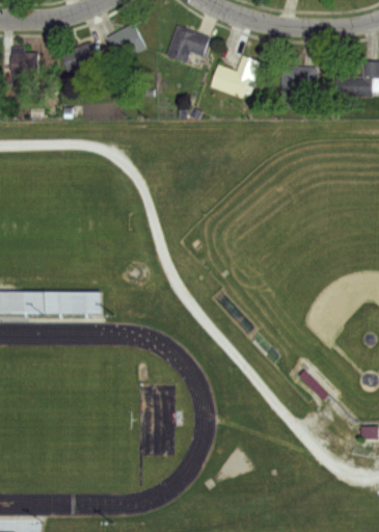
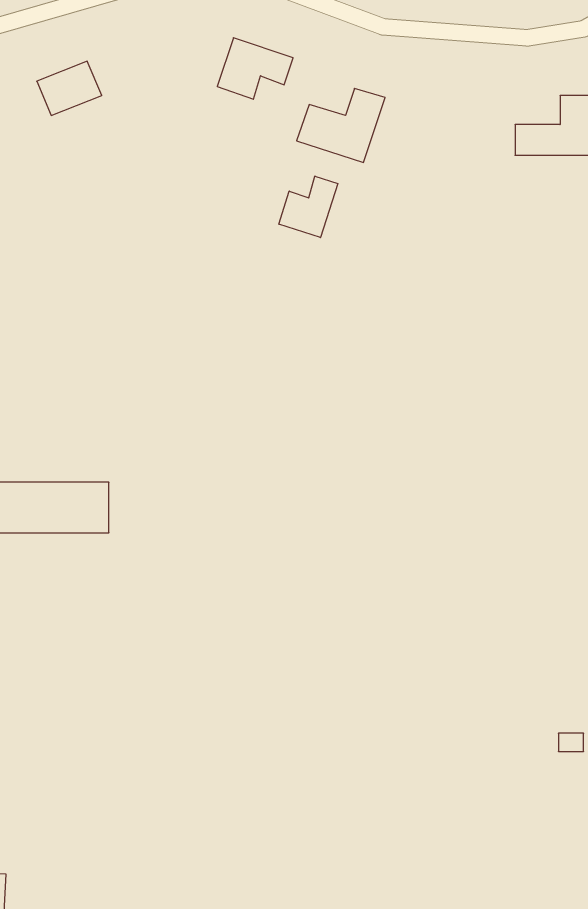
building: [103,24,144,57] -> none
building: [280,66,316,102] -> none
building: none -> [279,176,338,238]

